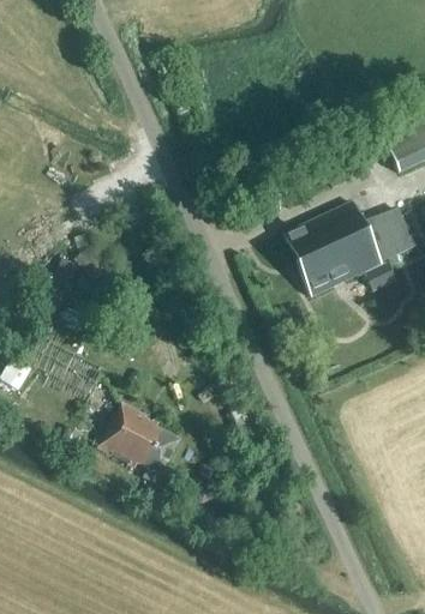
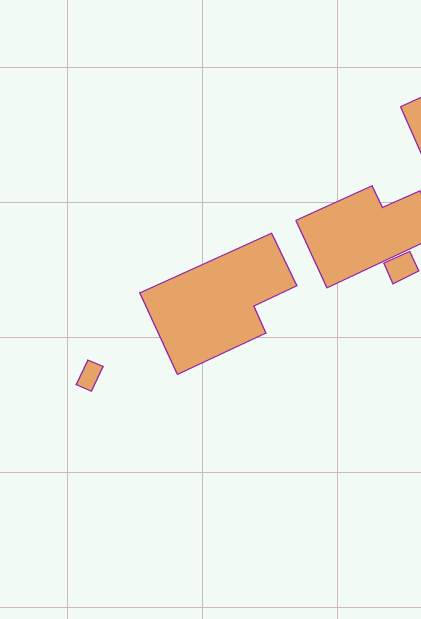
building: none -> [140,233,297,374]
building: [100,402,180,472] -> none

